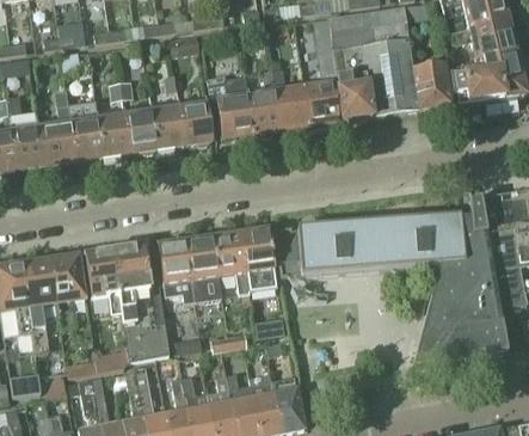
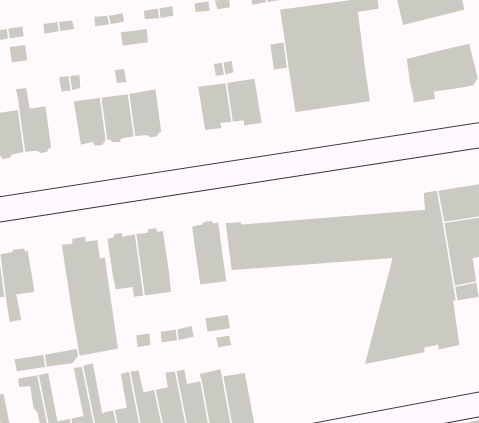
building: [450,18,519,60] -> none
building: [413,62,451,111] -> none
building: [208,74,254,141] -> none
building: [305,81,339,130] -> none
building: [98,108,131,158] -> none
building: [214,231,250,294] -> none
building: [85,247,122,314] -> none

